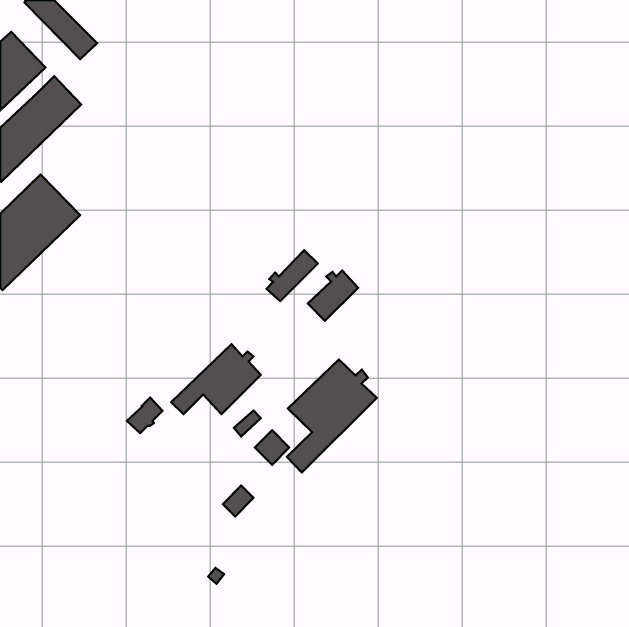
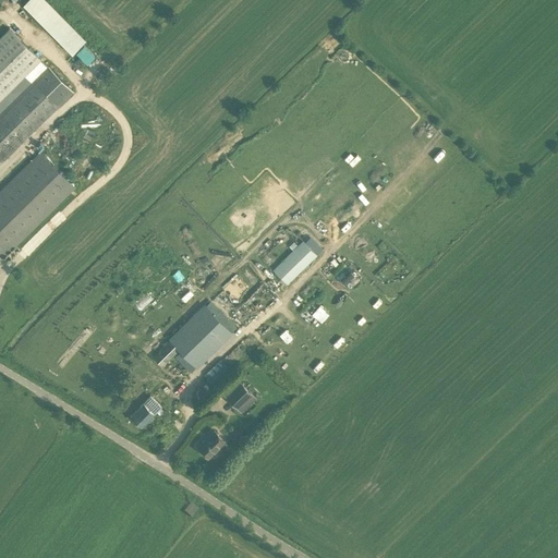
building: [266,250,318,301] -> none
building: [287,360,377,473] -> none
building: [127,397,162,433] -> [130,396,161,427]

